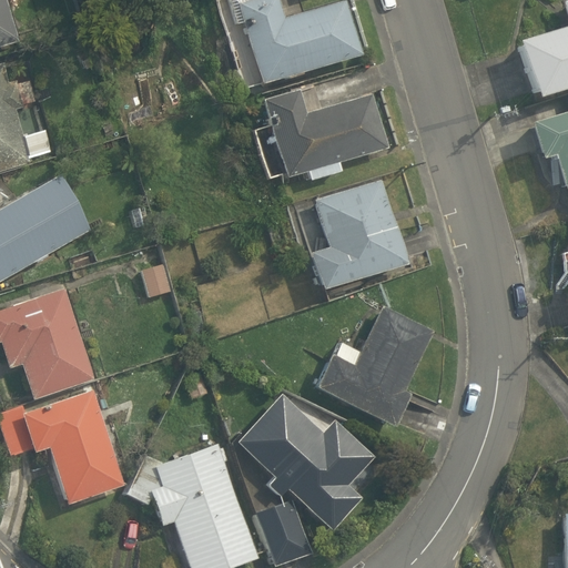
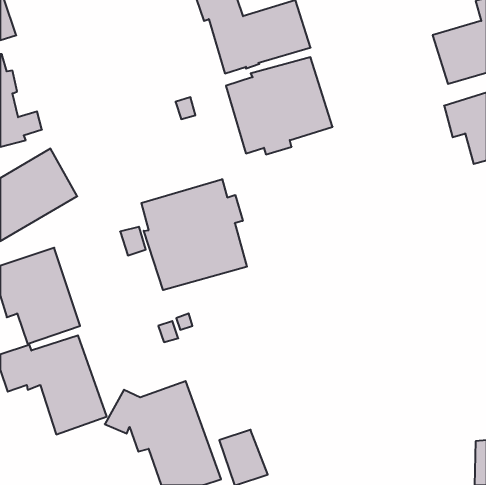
building: [310,181,408,291] -> none
building: none -> [141,179,247,290]
building: [315,306,434,428] -> none
building: [239,394,375,531] -> none

